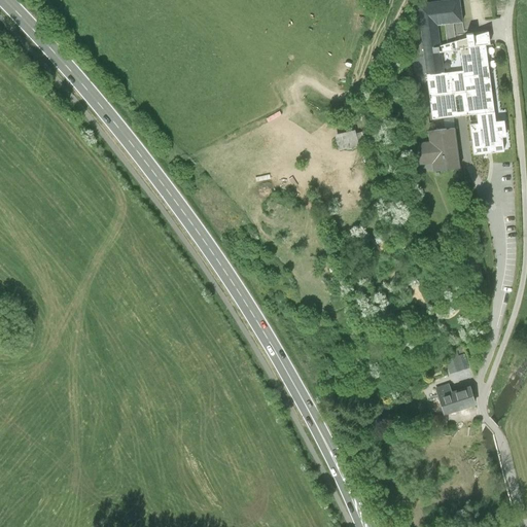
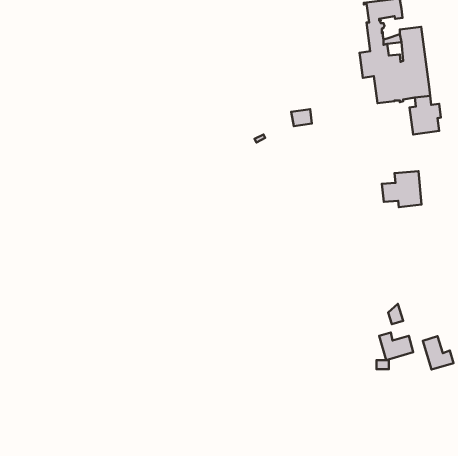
building: [414,129,459,170] -> [382,171,421,207]
building: none -> [423,336,453,370]

